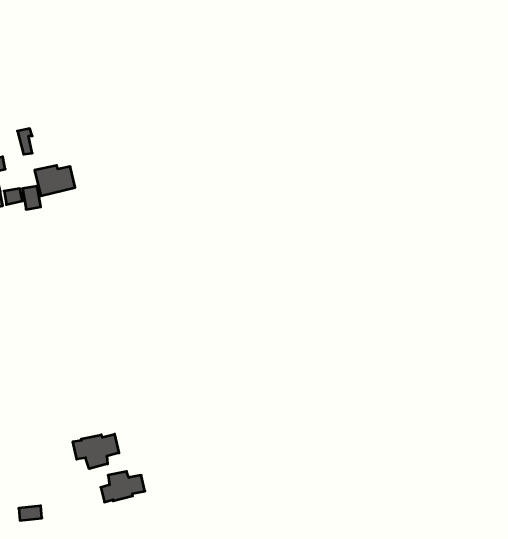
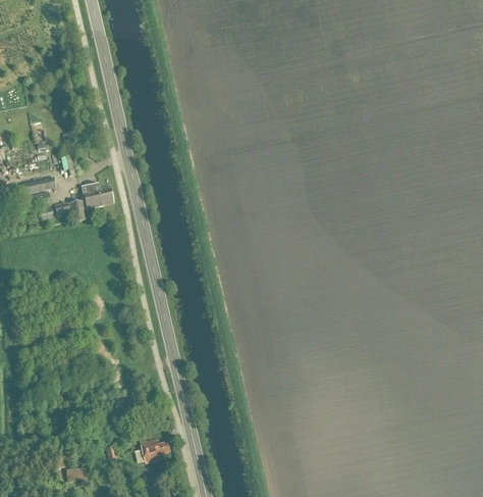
building: [73,434,119,469] -> none

